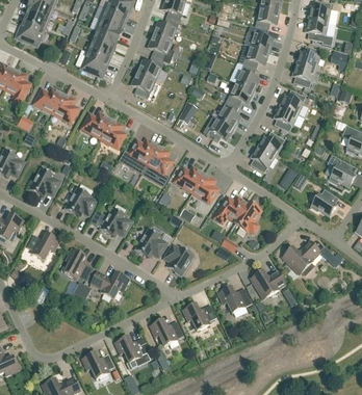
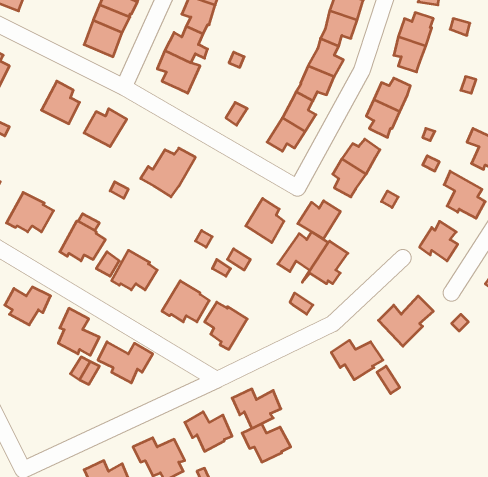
building: [33,86,62,112] -> none
building: [99,119,125,148] -> none
building: [140,144,172,184] -> none
building: [174,165,203,191] -> [298,201,340,239]
building: [217,286,251,312] -> [242,424,291,462]

